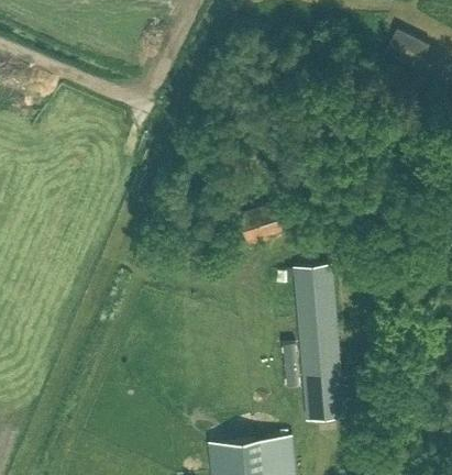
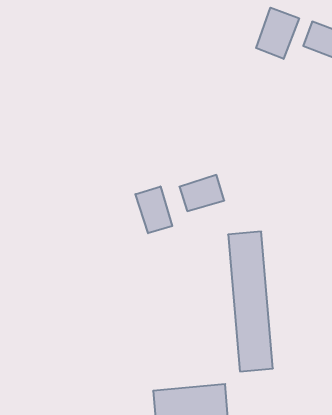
building: none -> [256,8,299,59]
building: none -> [135,186,172,233]

